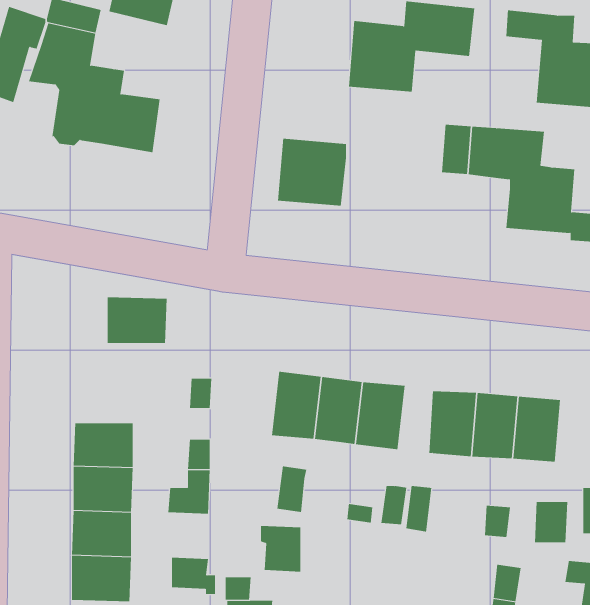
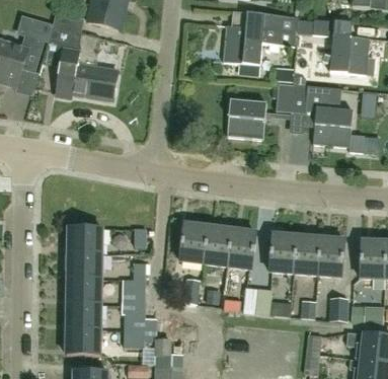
building: [277,138,347,206] -> [226,99,265,138]
building: [107,297,168,343] -> [68,226,102,252]
building: [260,526,301,572] -> [121,303,144,329]

